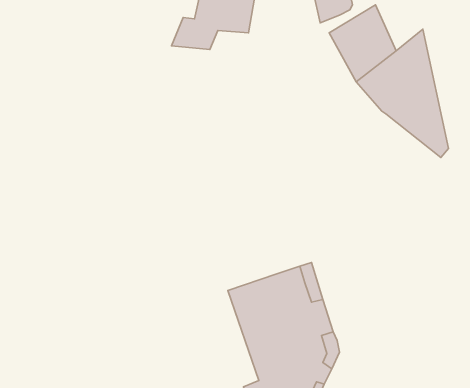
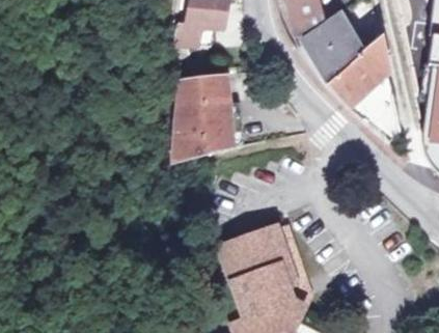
building: none -> [169,70,247,151]

